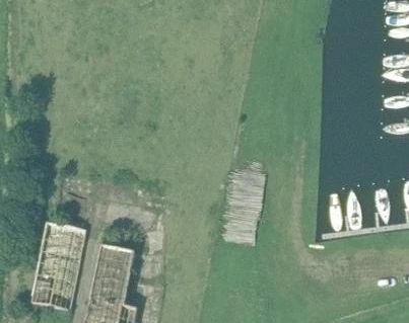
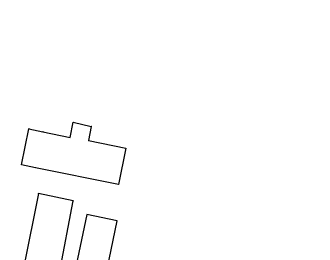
building: none -> [22,122,126,184]

